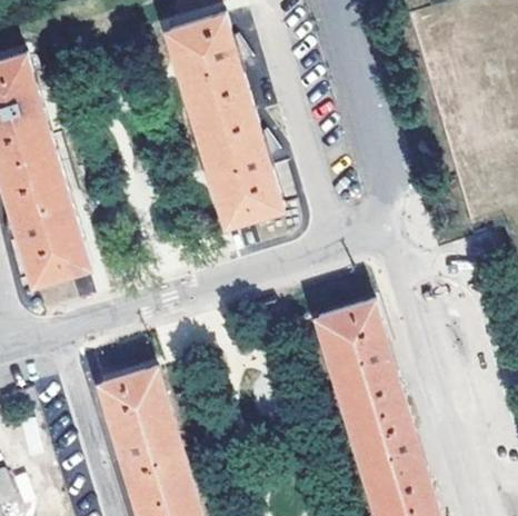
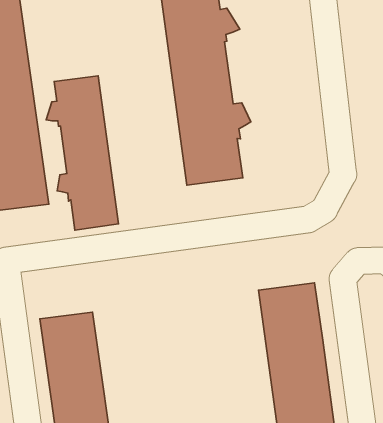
building: none -> [46,76,119,230]

